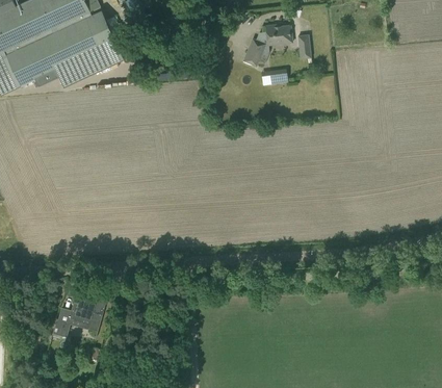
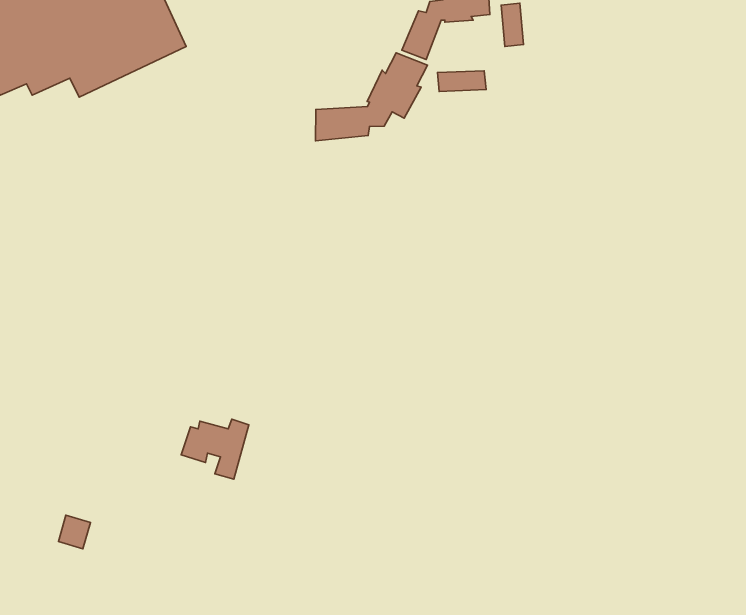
building: none -> [316,53,427,141]
building: [68,298,105,331] -> [181,419,249,479]

